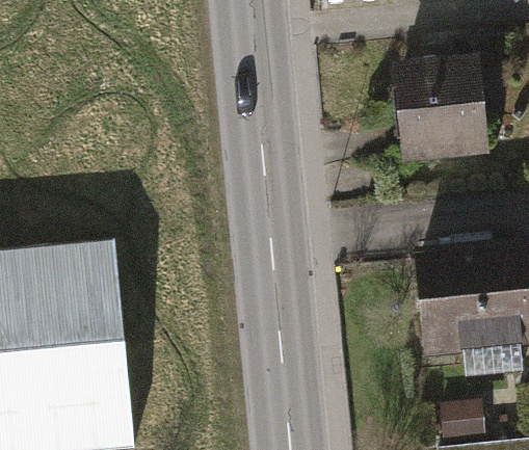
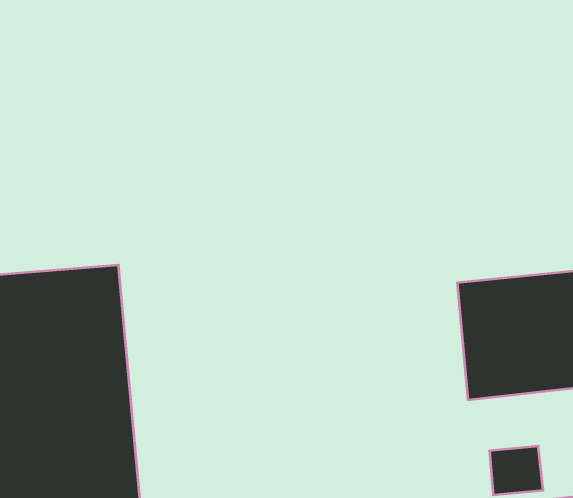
building: [389,55,482,167] -> none

